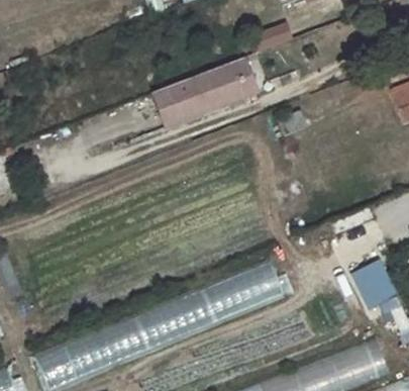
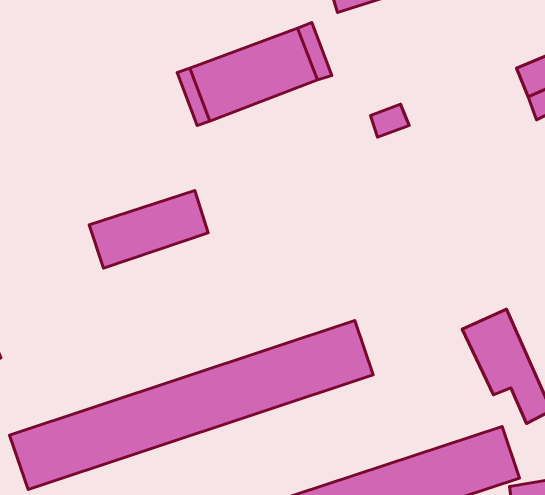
building: none -> [89,190,208,268]

